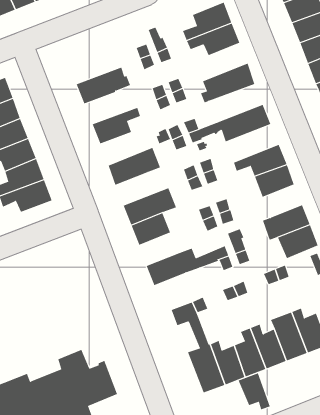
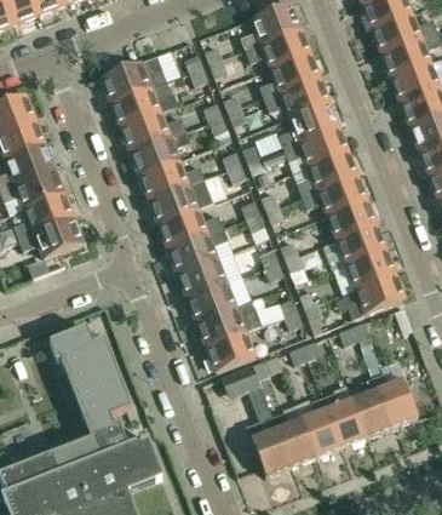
building: none -> [259,53,320,99]
building: none -> [102,56,167,103]
building: none -> [272,103,338,149]
building: none -> [121,113,186,151]
building: none -> [292,151,357,198]
building: none -> [140,161,205,201]
building: none -> [159,210,224,250]
building: none -> [337,224,385,264]
building: none -> [188,276,252,322]
building: none -> [54,311,136,424]
building: none -> [206,331,256,372]
building: [238,373,271,410] -> none

